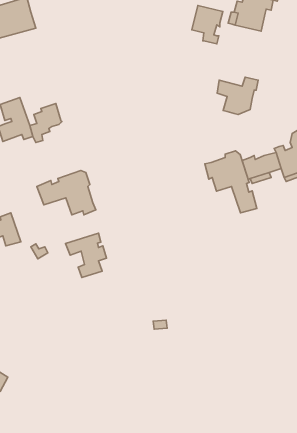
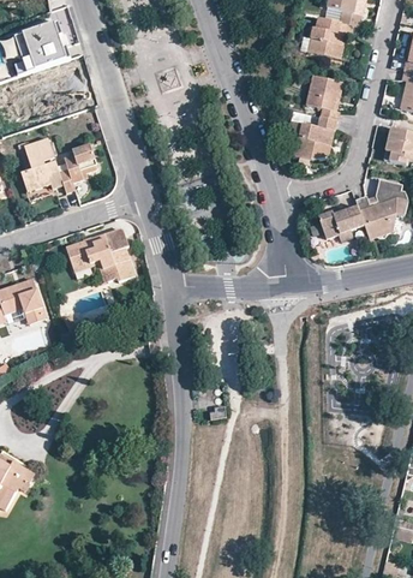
building: [192,6,223,44] -> [305,73,342,119]
building: [205,151,257,213] -> none
building: [65,233,106,278] -> none

